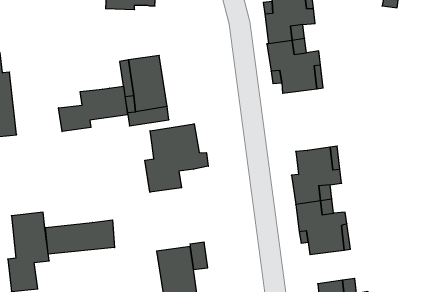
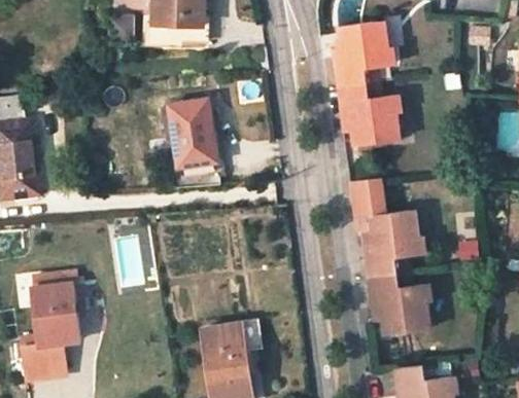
building: [59,86,127,132] -> none
building: none -> [348,178,380,231]
building: [145,124,208,192] -> none
building: [45,220,115,254] -> none

